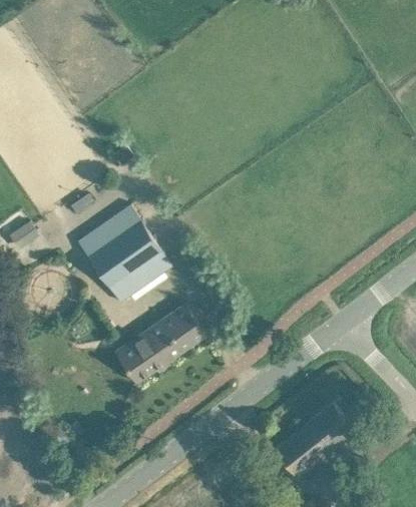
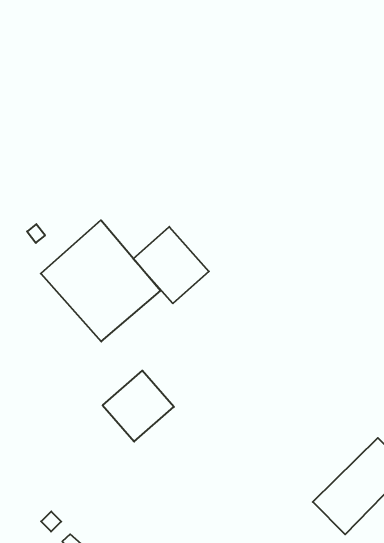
building: none -> [133,227,209,303]
building: [150,305,206,361] -> none

